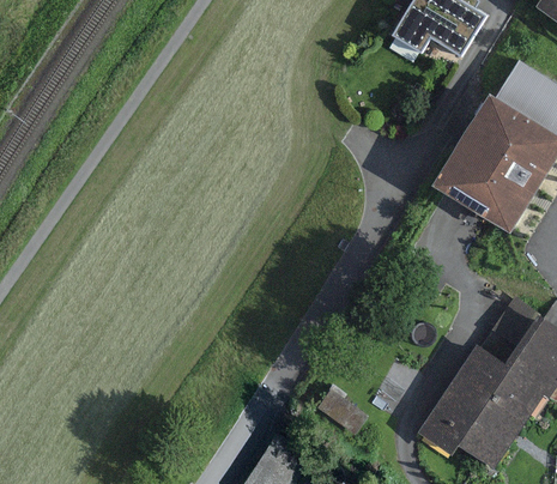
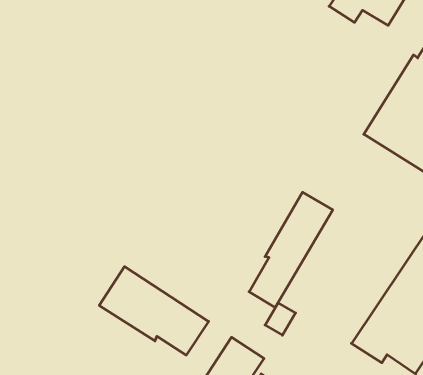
building: none -> [249,192,333,307]
building: none -> [99,267,209,355]

